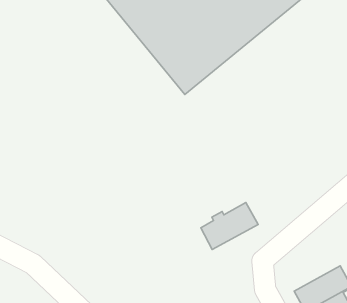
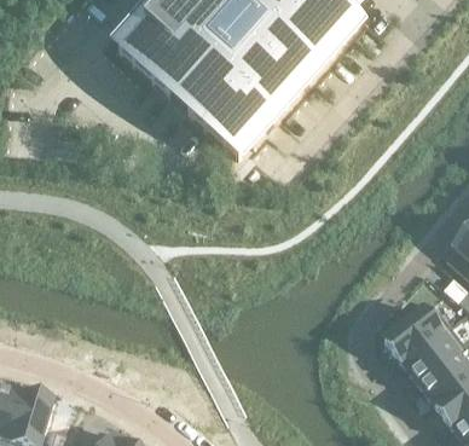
building: [201,203,258,250] -> [382,299,447,359]

